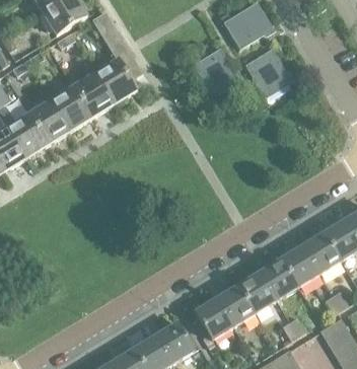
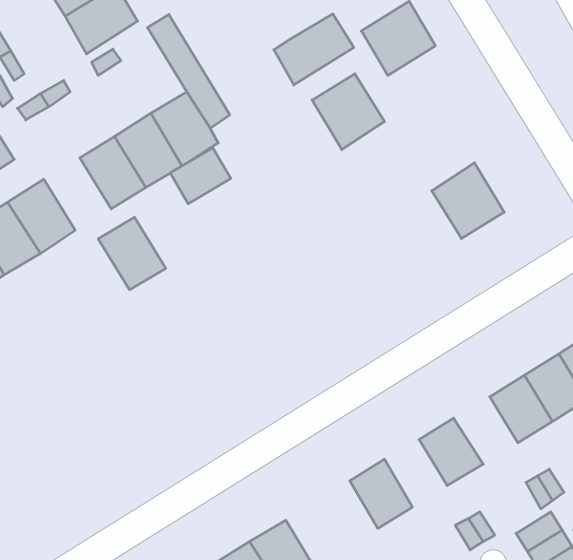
building: none -> [274,14,354,85]
building: [244,47,289,93] -> [432,163,504,239]
building: none -> [170,148,231,204]
building: [27,98,69,143] -> [98,217,166,290]
building: [280,245,319,287] -> none
building: [237,272,276,313] -> none
building: [194,297,233,340] -> none

